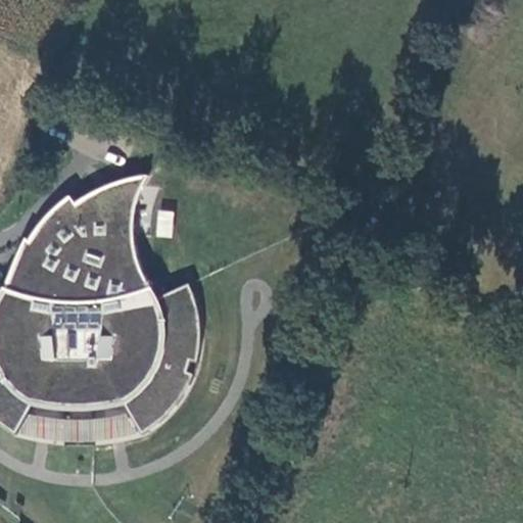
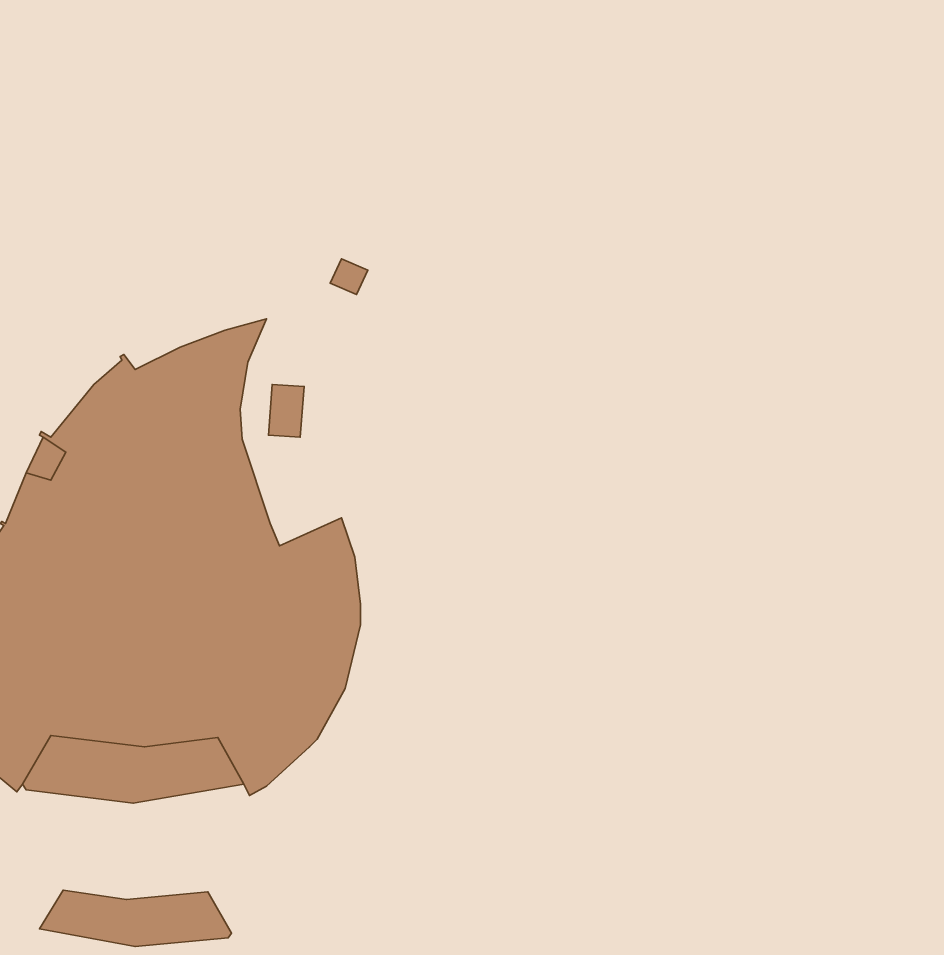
building: none -> [39,890,231,947]

